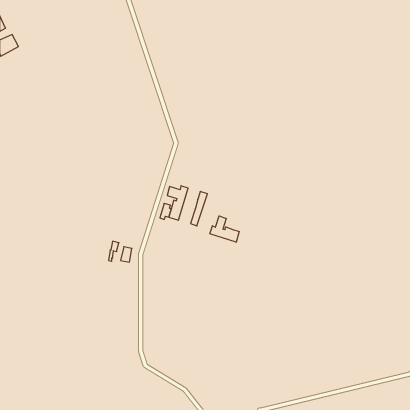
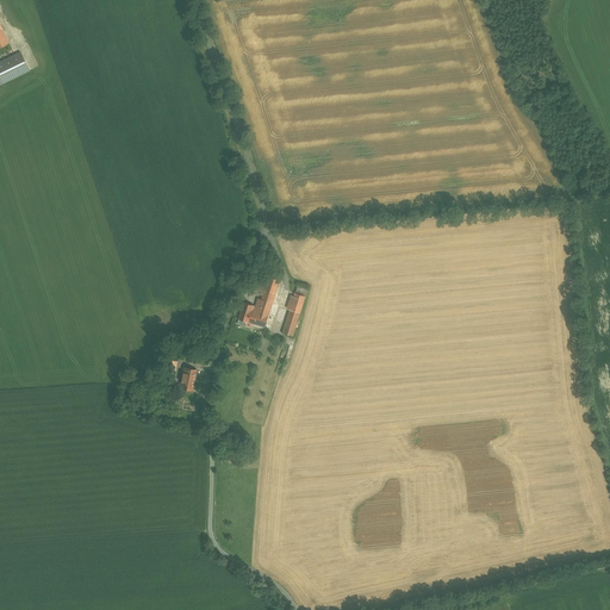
building: [210,216,239,242] -> none

